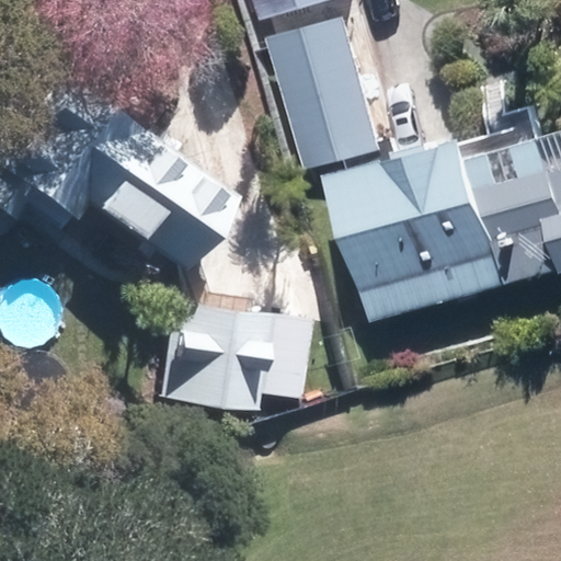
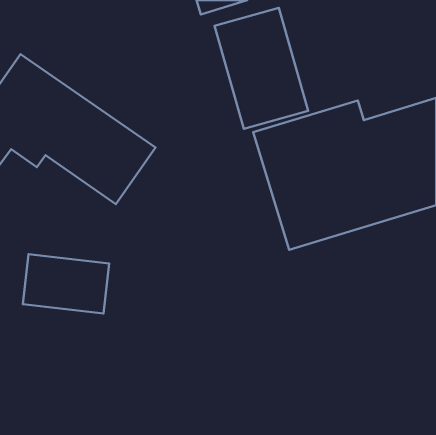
building: [146,306,290,410] -> none
building: none -> [23,254,109,314]

